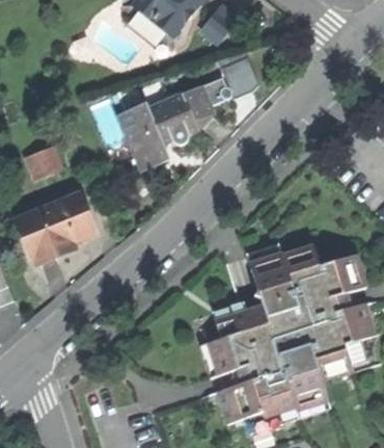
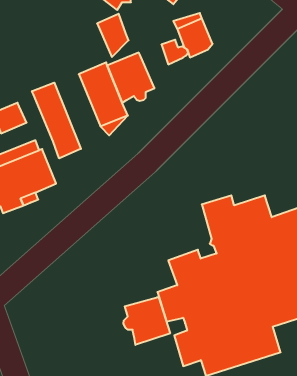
building: [181,84,214,130] -> [97,14,129,57]
building: none -> [32,83,81,158]
building: none -> [124,297,170,345]

